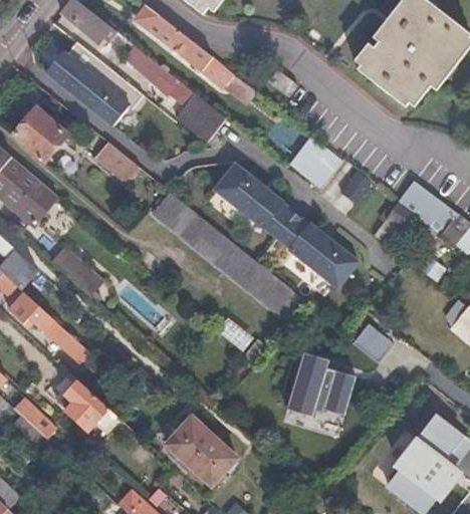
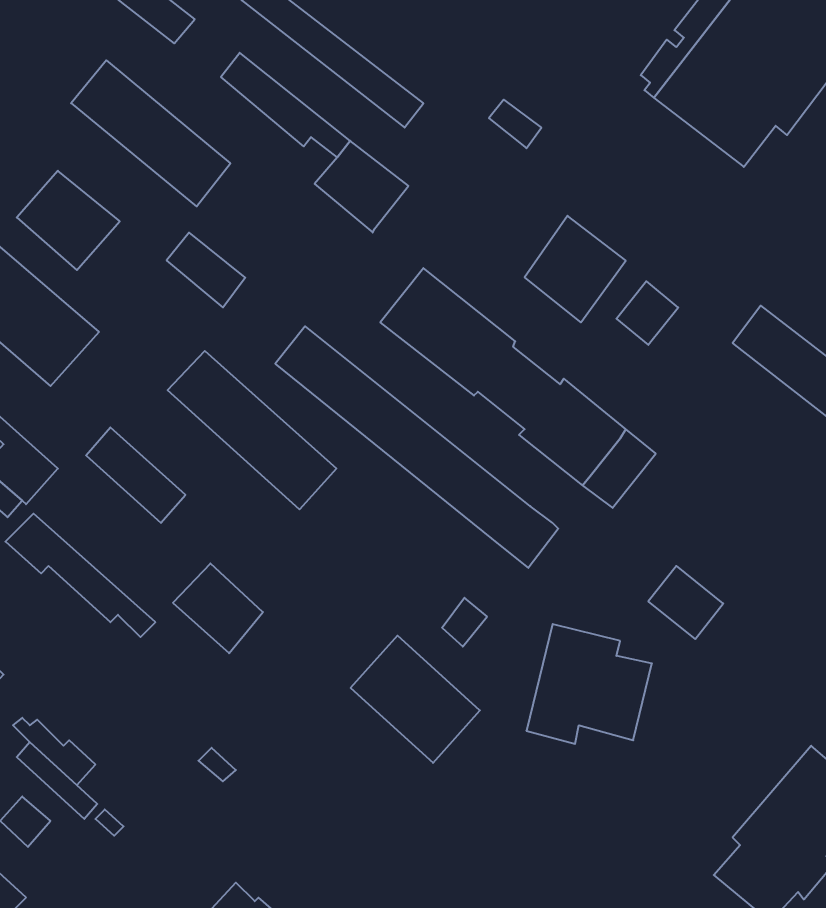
building: none -> [168,351,336,509]
building: [59,381,107,430] -> [173,563,263,653]
building: [169,420,238,488] -> [351,636,480,763]

